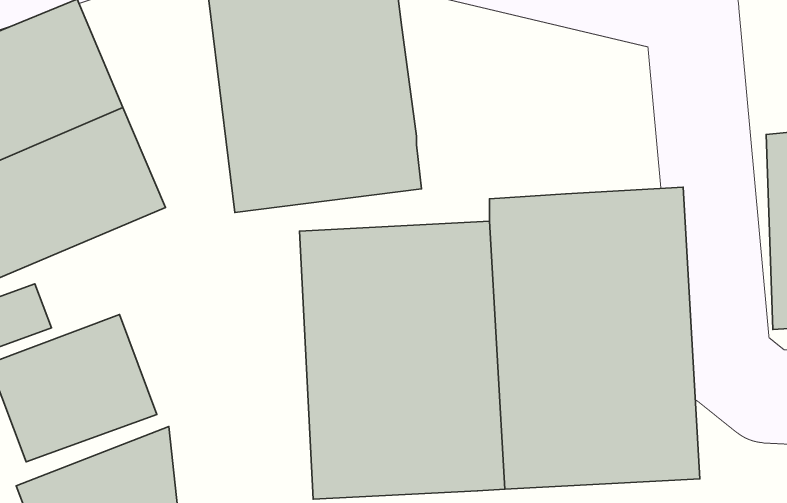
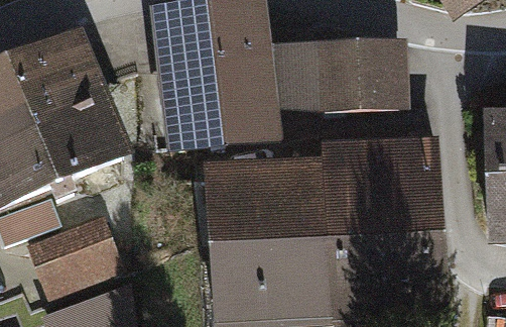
building: none -> [268,38,403,108]

